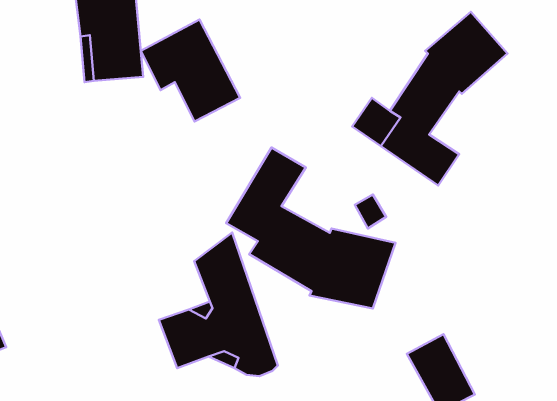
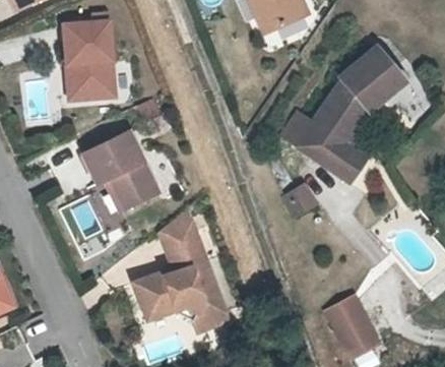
building: [141,20,240,121] -> [81,133,158,212]
building: [226,147,396,309] -> none

